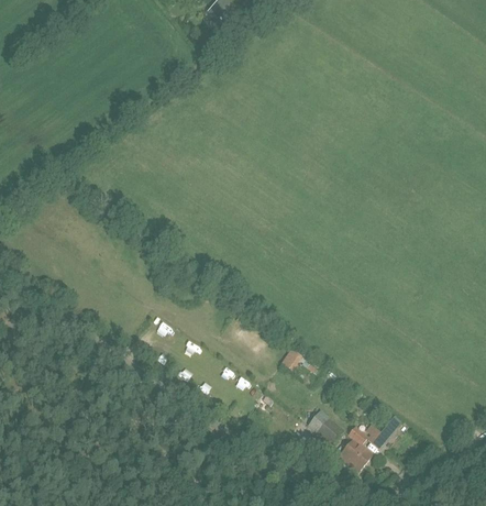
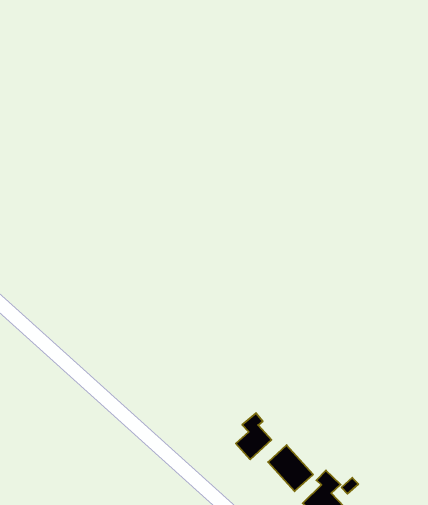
building: none -> [236,413,271,459]

